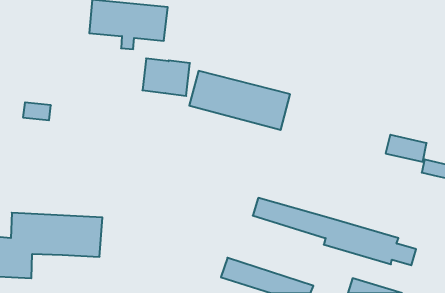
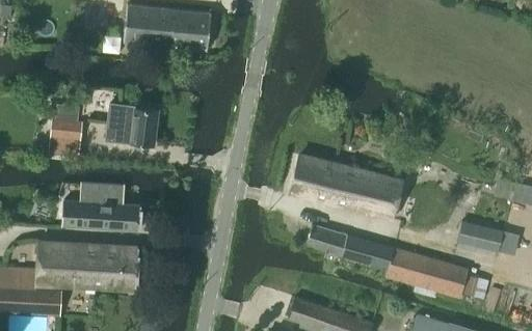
building: [142,58,190,96] -> [106,104,159,145]
building: [189,71,290,130] -> [291,154,403,219]
building: [386,135,427,162] -> [457,221,503,251]
building: none -> [63,184,142,229]

